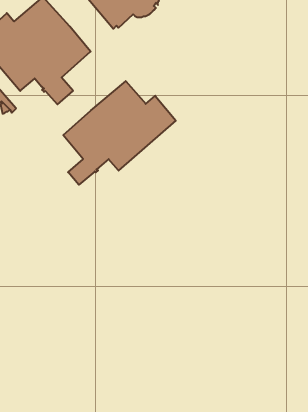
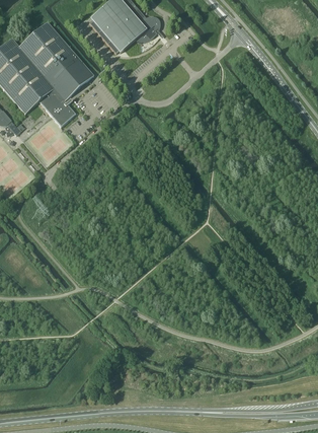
building: [63,81,176,185] -> none

